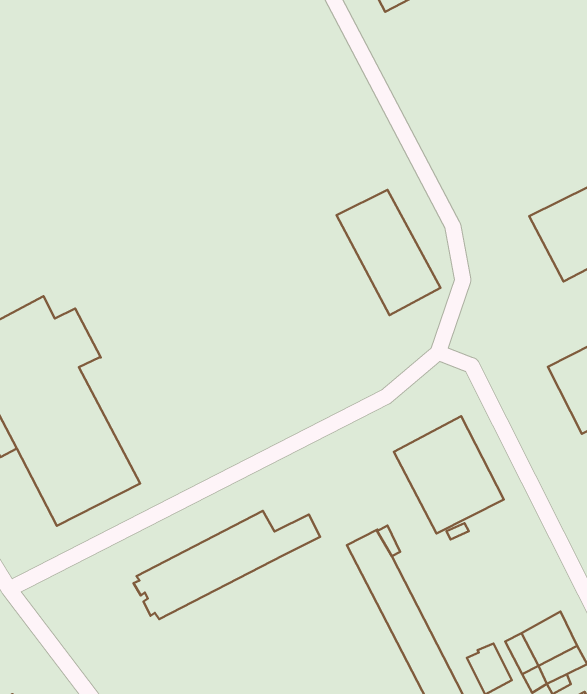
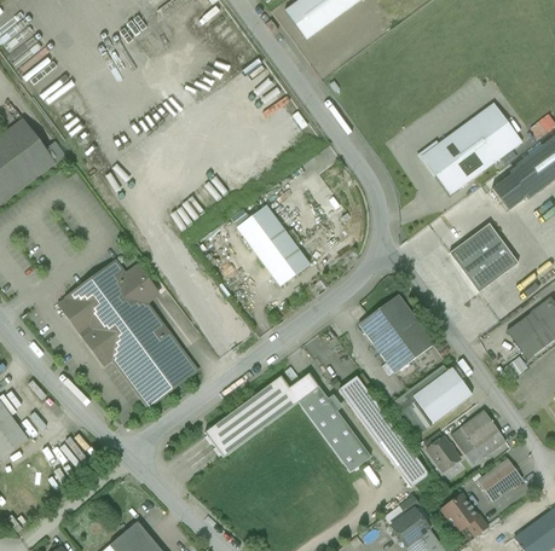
building: [337,190,441,315] -> [235,205,310,286]
building: none -> [297,387,372,474]
building: none -> [412,367,472,423]

